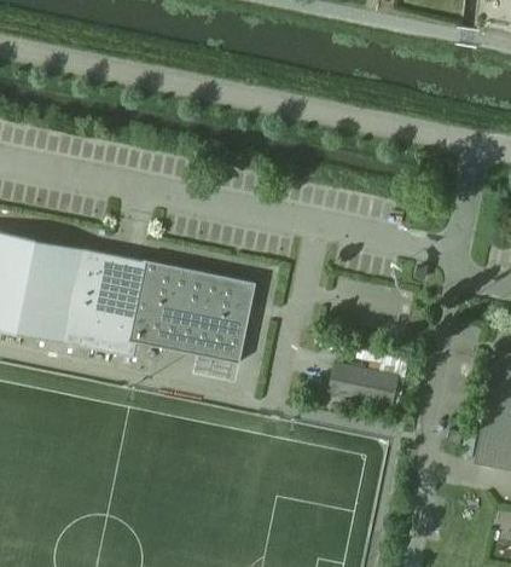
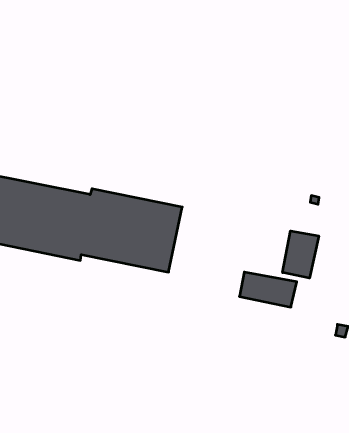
building: none -> [283,231,319,278]

